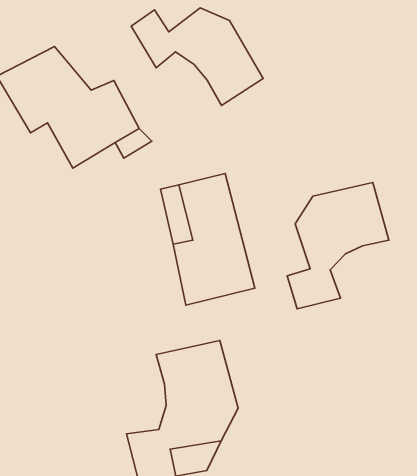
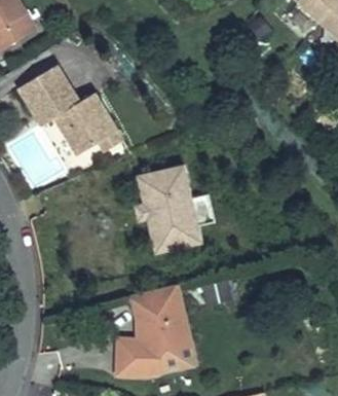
building: [131,8,263,106] -> none
building: [287,182,389,309] -> none

